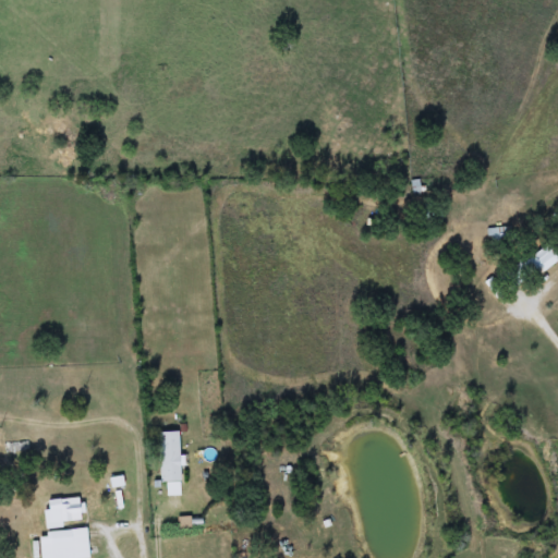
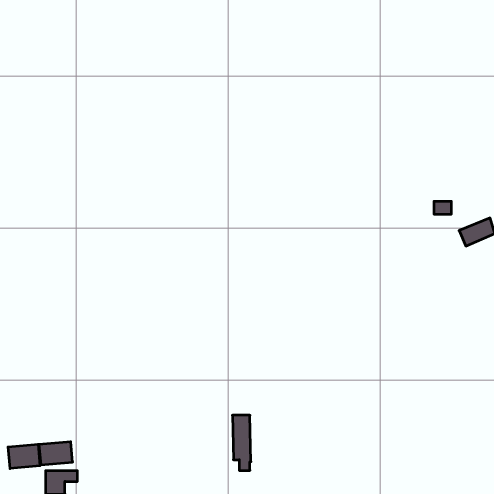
building: [160,432,181,494] -> [232,415,251,470]
building: none -> [8,444,40,469]

